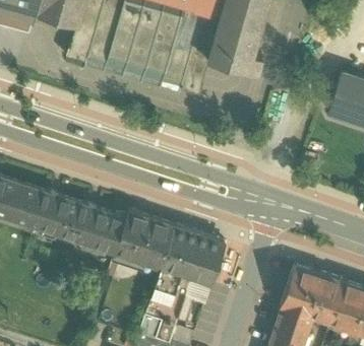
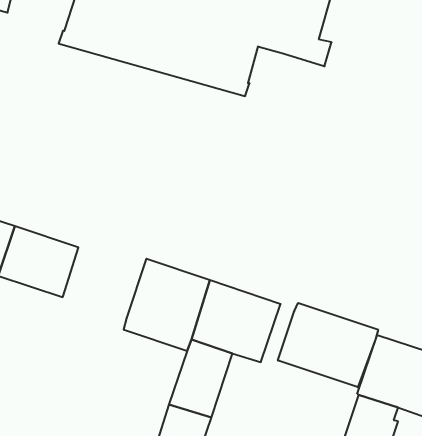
building: [69,202,129,253] -> none
building: none -> [278,303,378,387]

